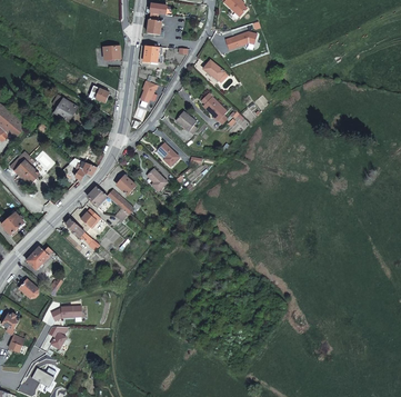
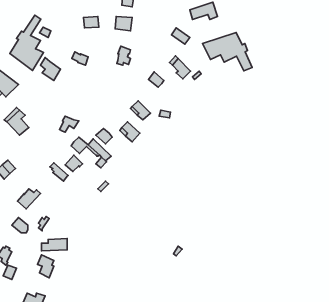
building: none -> [10,15,43,70]
building: none -> [203,32,252,71]

